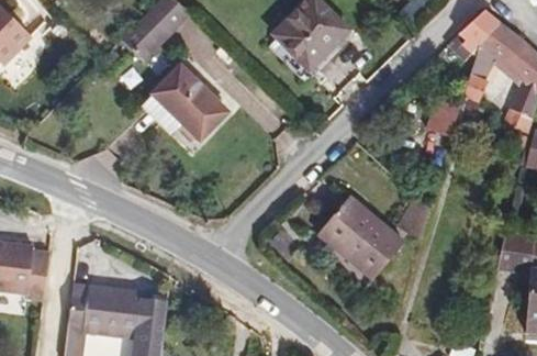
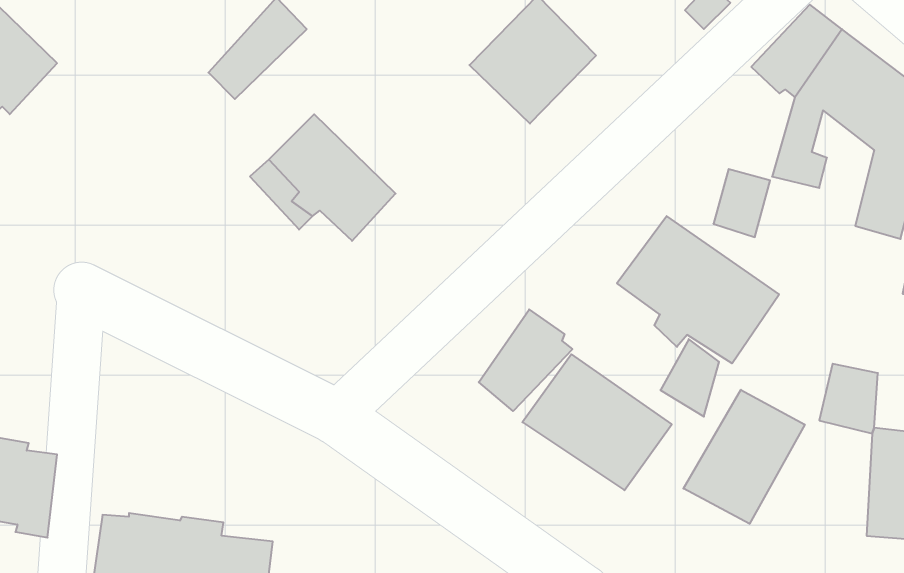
building: none -> [617,216,779,363]
building: none -> [479,309,572,411]
building: none -> [683,390,805,524]

